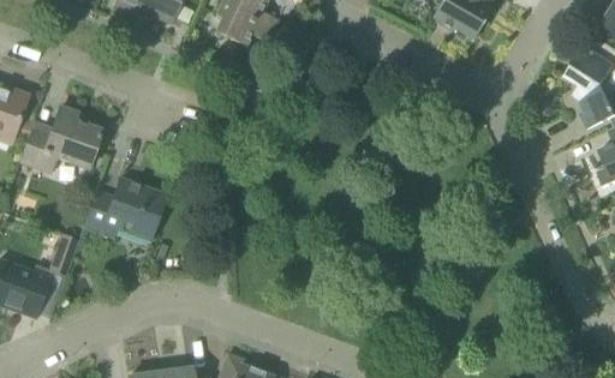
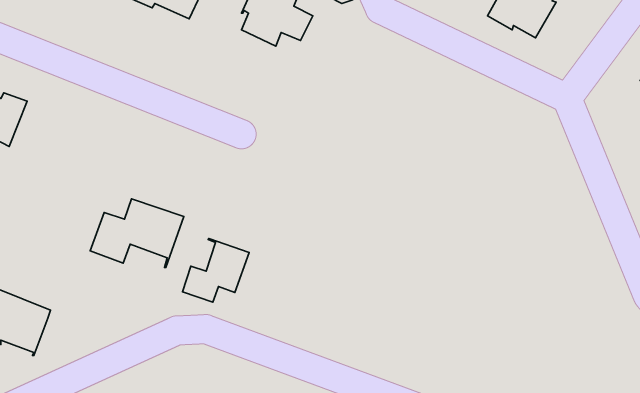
building: [19,104,102,170] -> none
building: none -> [182,239,249,302]
building: [48,234,78,276] -> none

